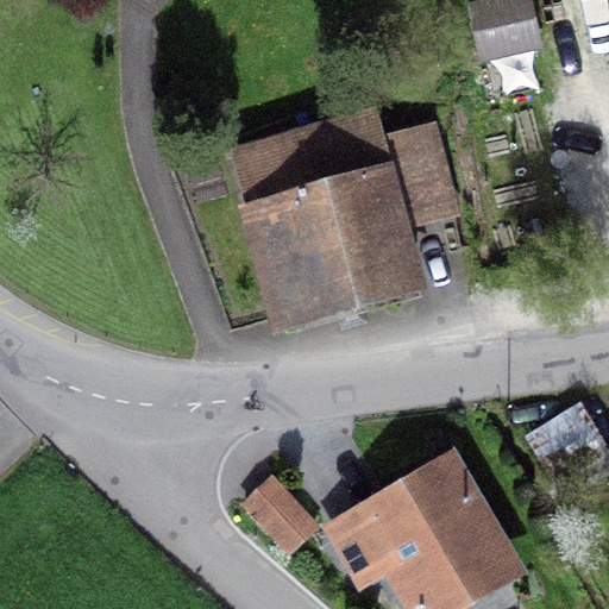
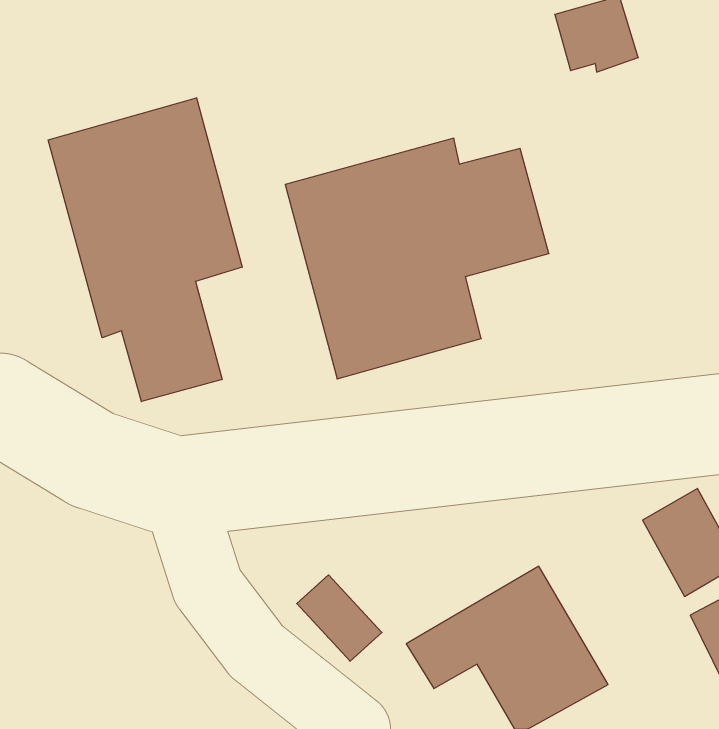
building: none -> [48,98,242,402]

